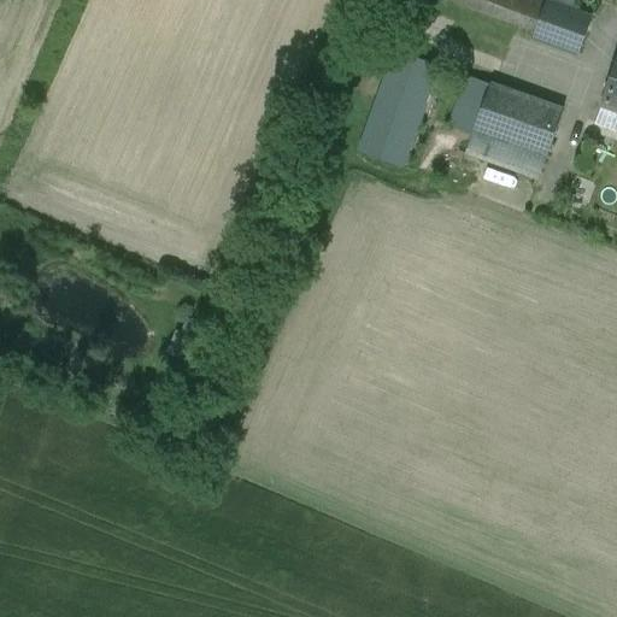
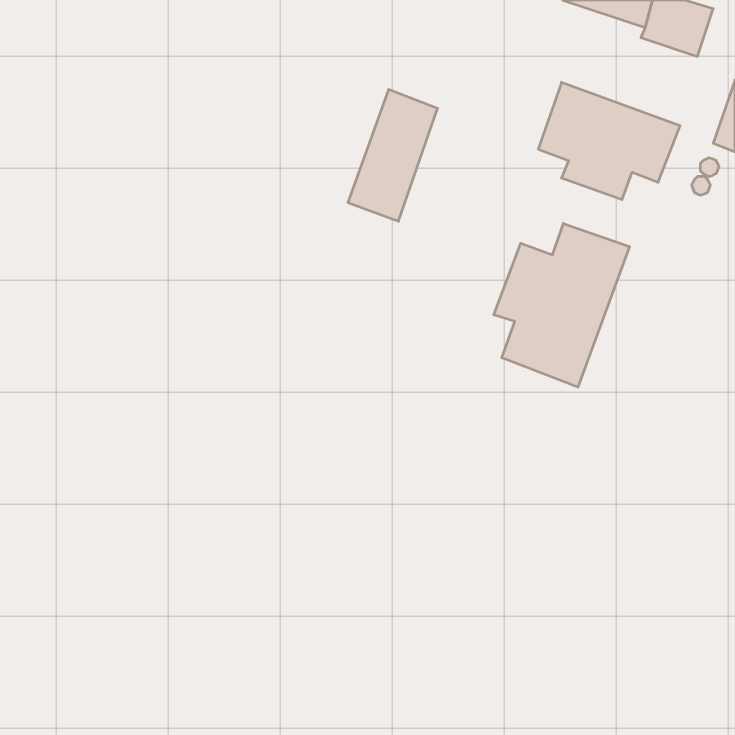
building: [362,52,436,161] -> [348,90,438,221]
building: none -> [494,223,629,387]

